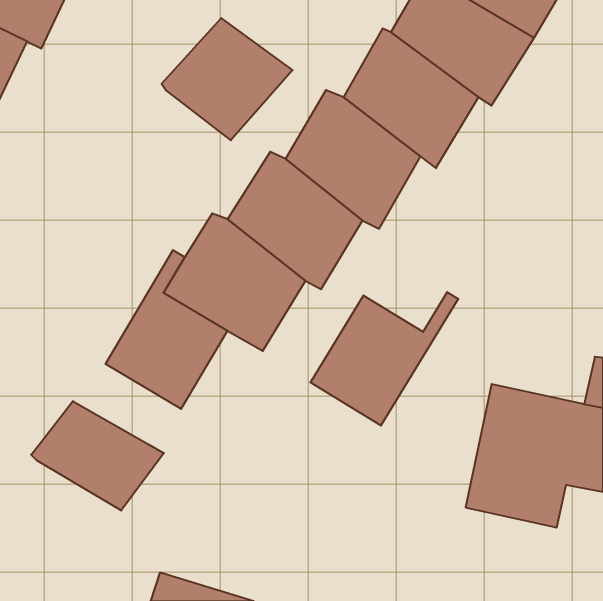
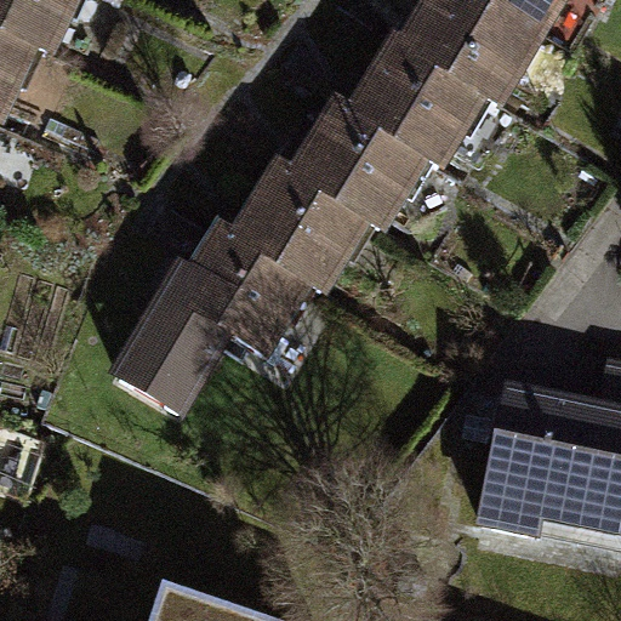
building: [162,18,293,140] -> none
building: [310,292,458,426] -> none
building: [31,401,164,511] -> none

